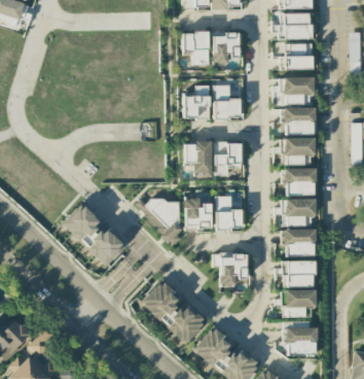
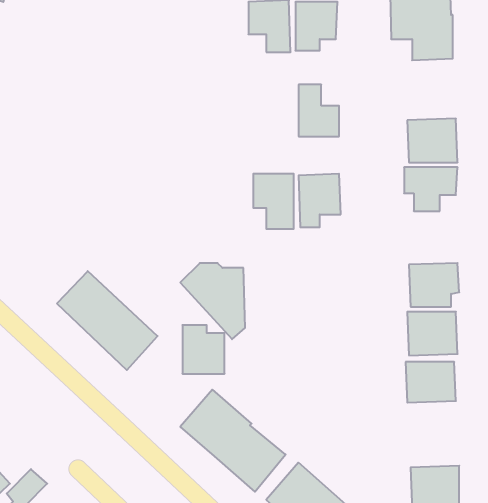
building: [282,77,314,105] -> none
building: [184,87,210,119] -> none
building: [284,169,316,196] -> none
building: [216,197,242,230] -> none
building: [185,199,212,230] -> [182,325,225,374]
building: [214,253,247,287] -> none
building: [285,289,317,318] -> none

